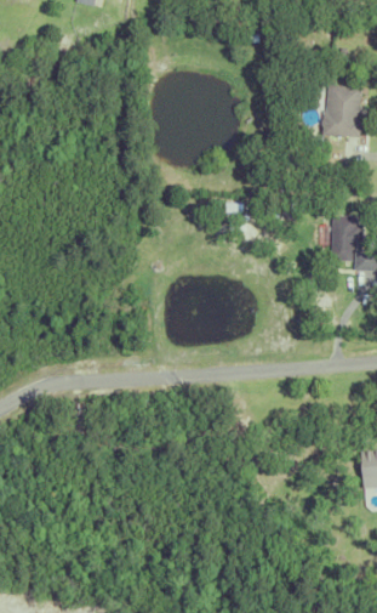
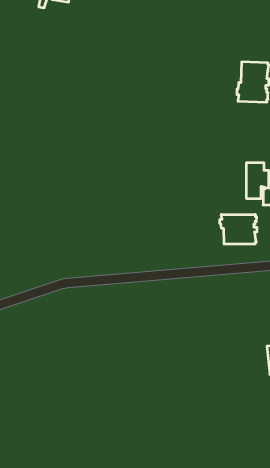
building: none -> [220,214,257,244]

